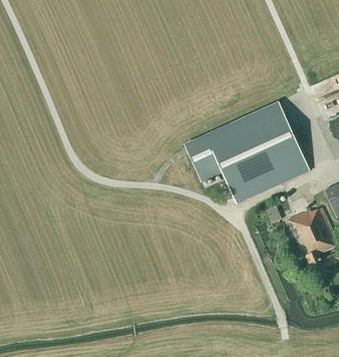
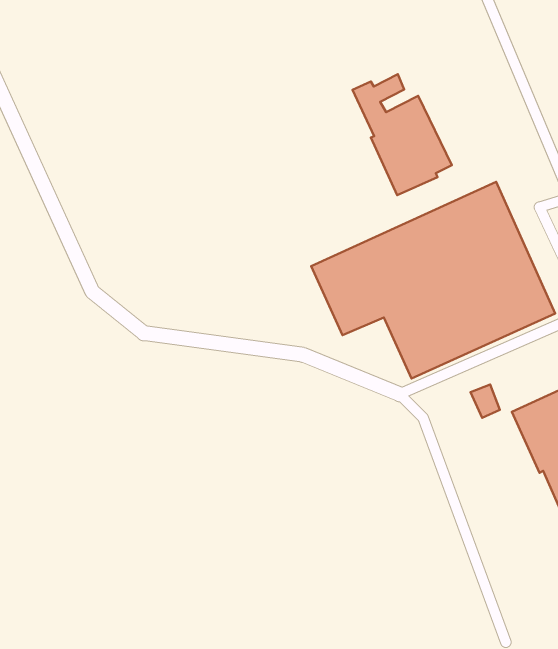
building: none -> [353,74,452,195]

